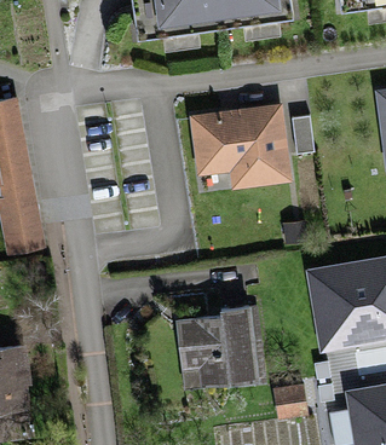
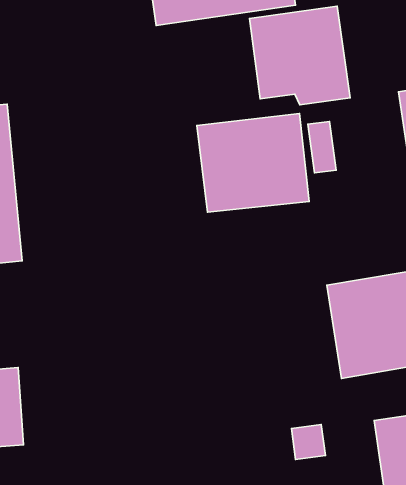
building: none -> [249,6,350,105]
building: [177,312,257,389] -> none

